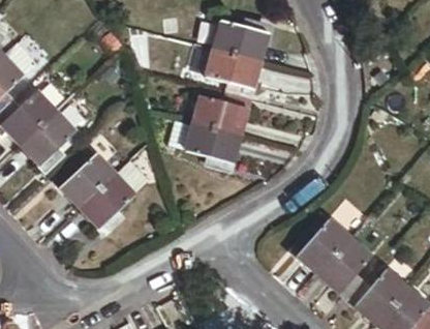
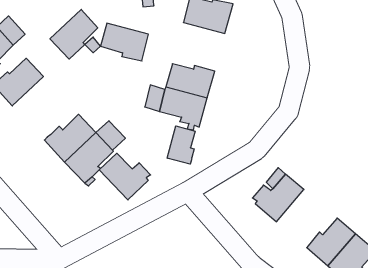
building: [206,50,259,92] -> [101,23,148,61]
building: [21,111,74,167] -> [50,9,98,59]
building: none -> [167,126,195,164]
building: none -> [99,153,151,200]
building: [317,238,370,296] -> none

